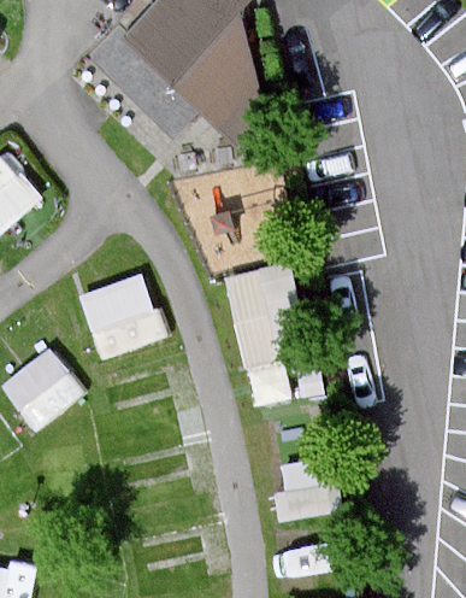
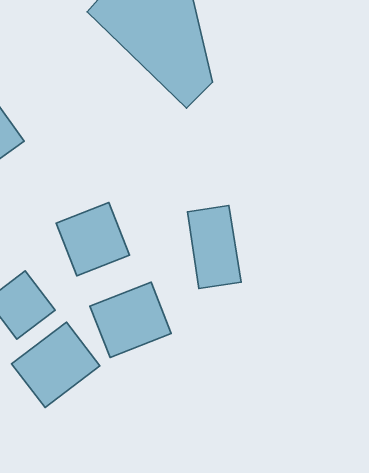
building: none -> [90,282,171,358]
building: none -> [12,322,100,408]

